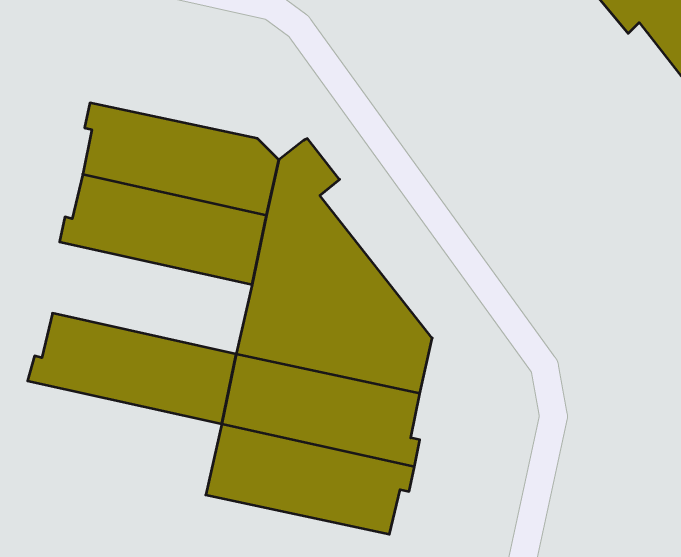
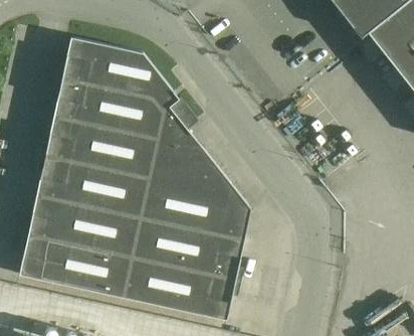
building: none -> [57,37,178,109]
building: none -> [36,155,149,218]
building: none -> [18,233,132,298]

